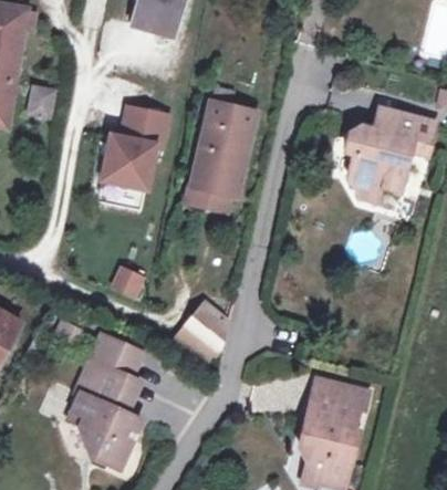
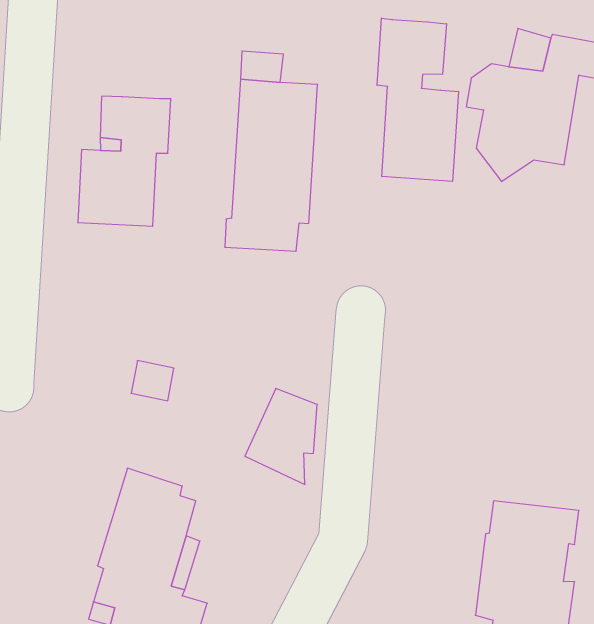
building: none -> [377,18,458,181]

